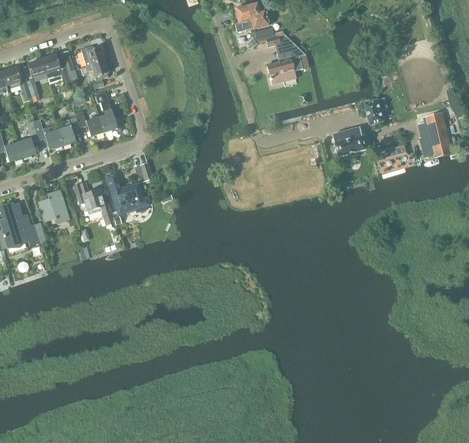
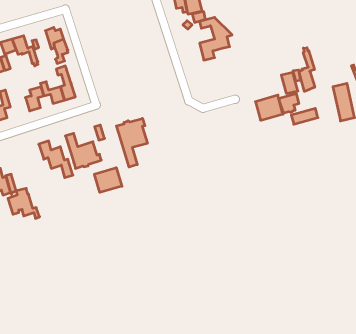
building: none -> [299,48,315,91]
building: [33,118,62,149] -> none
building: none -> [279,93,299,113]
building: none -> [116,118,147,167]
building: [37,190,75,226] -> [8,188,40,218]
building: none -> [94,168,122,192]

